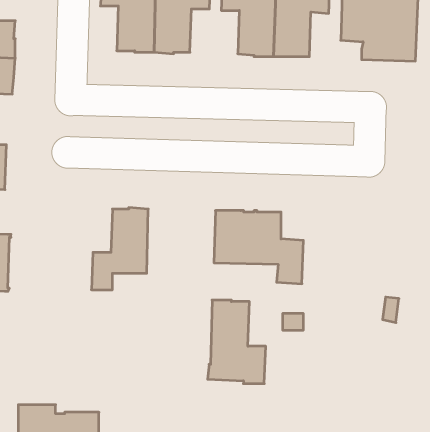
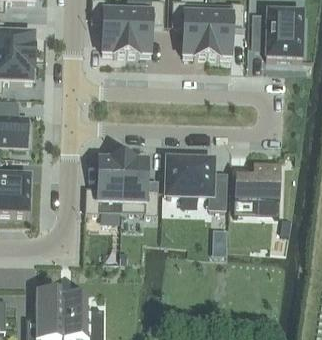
building: none -> [235,162,281,210]
building: [208,300,266,384] -> [120,158,159,214]

